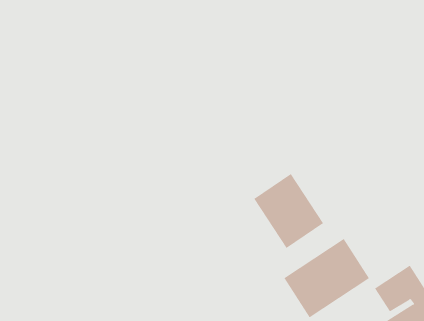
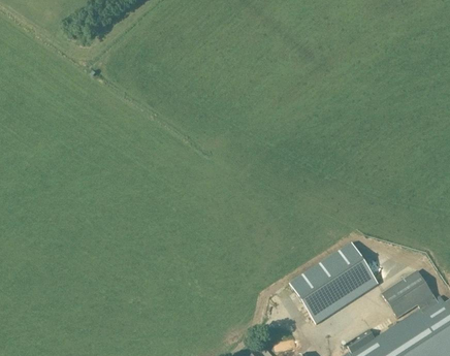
building: [253,173,324,249] -> none

